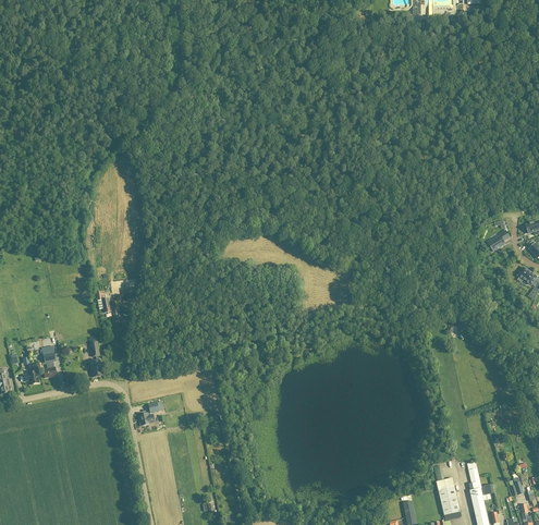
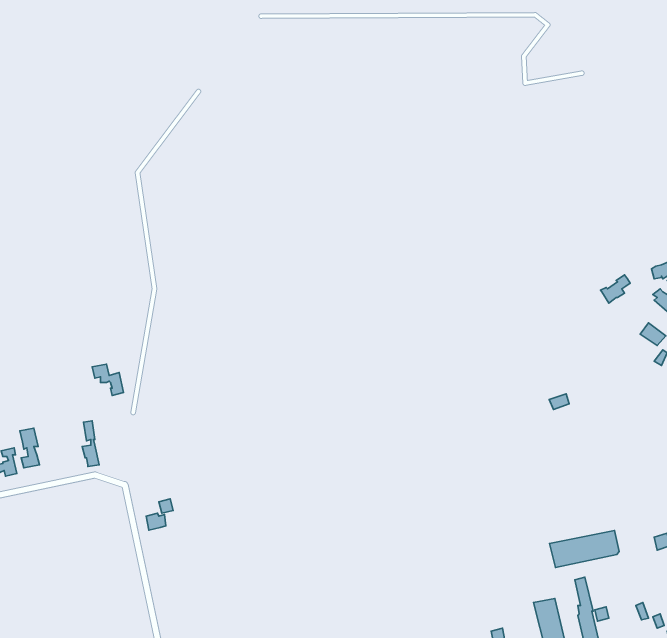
building: none -> [549,531,619,567]

